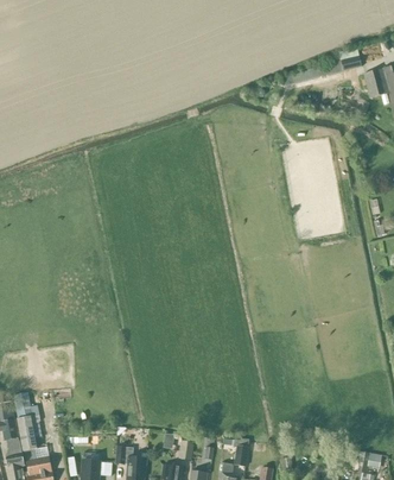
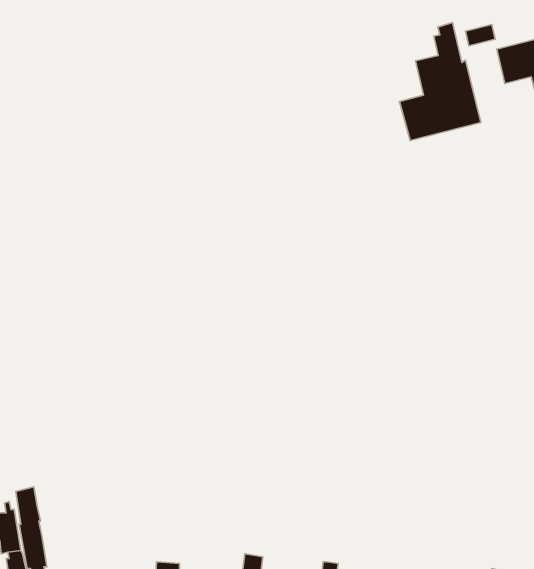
building: none -> [400,22,481,141]

